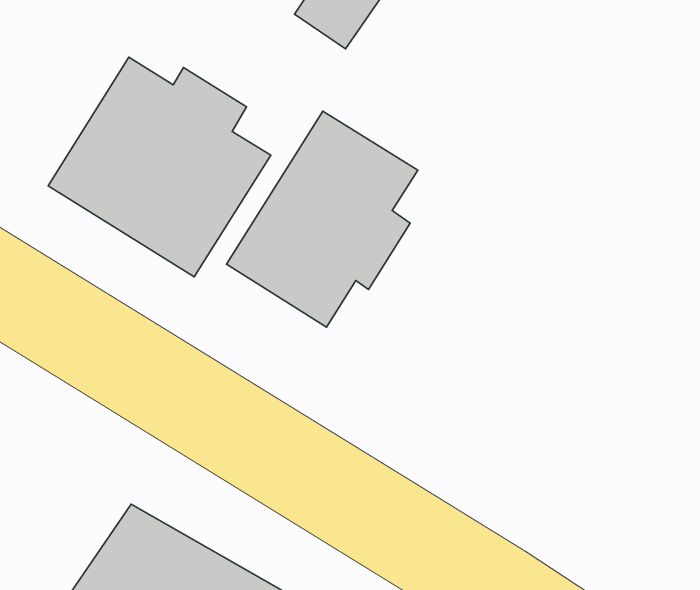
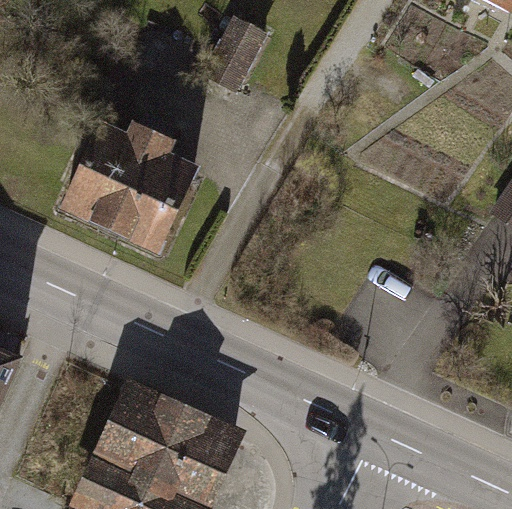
building: [226,111,418,327] -> none

